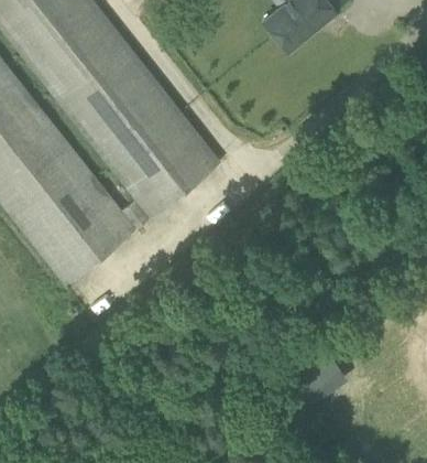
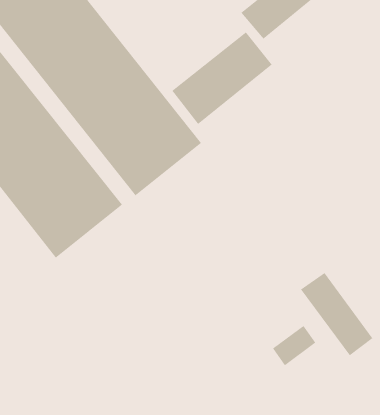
building: none -> [172,32,272,125]
building: none -> [300,272,373,356]

